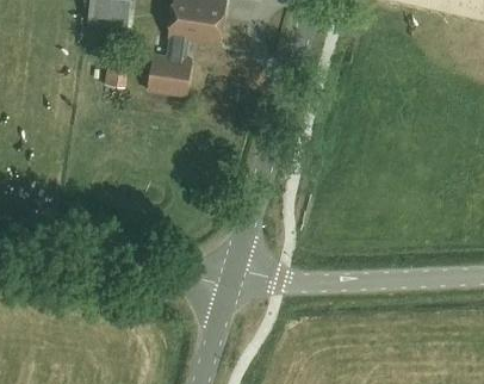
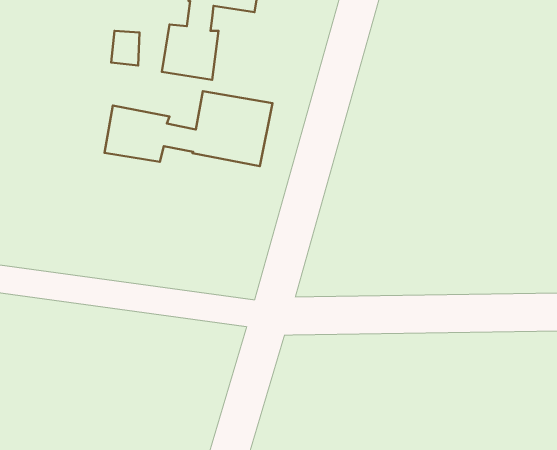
building: none -> [105,91,273,166]

